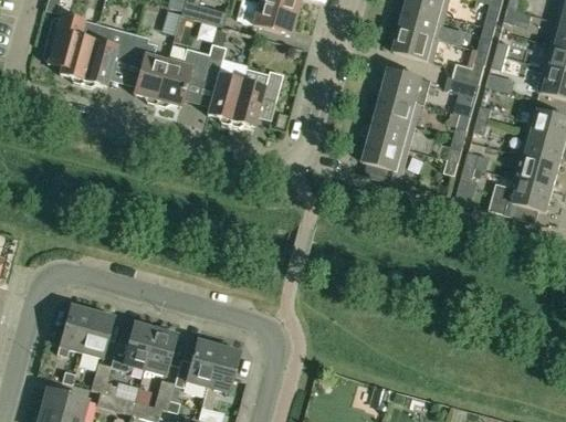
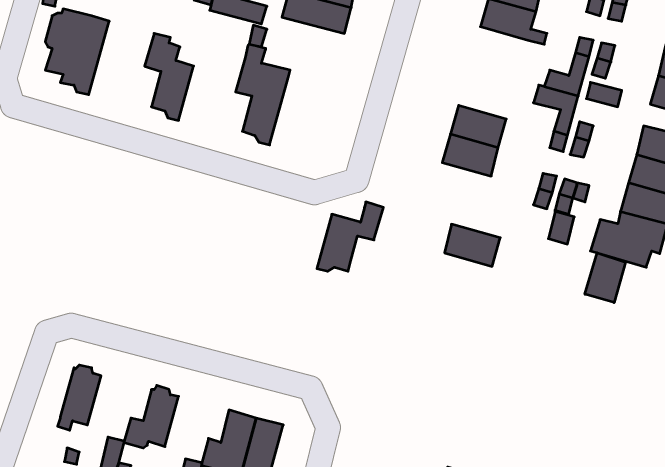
building: [82,23,135,86] -> none
building: [394,28,439,62] -> none
building: [155,48,209,106] -> none
building: [382,68,428,103] -> none
building: [229,70,283,126] -> [317,202,383,271]
building: [364,138,409,172] -> [445,224,500,266]
building: none -> [585,253,626,303]
building: [81,309,113,357] -> none
building: [144,327,177,374] -> none

